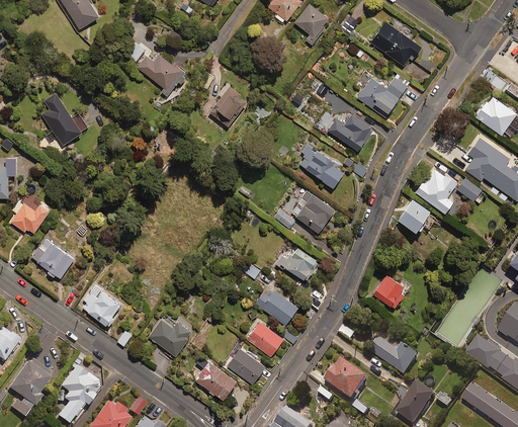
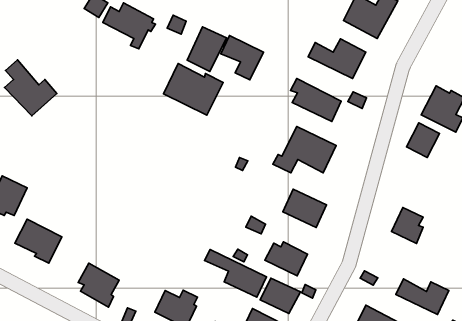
building: none -> [221,35,263,80]
building: none -> [164,64,223,115]
building: none -> [205,250,267,297]

